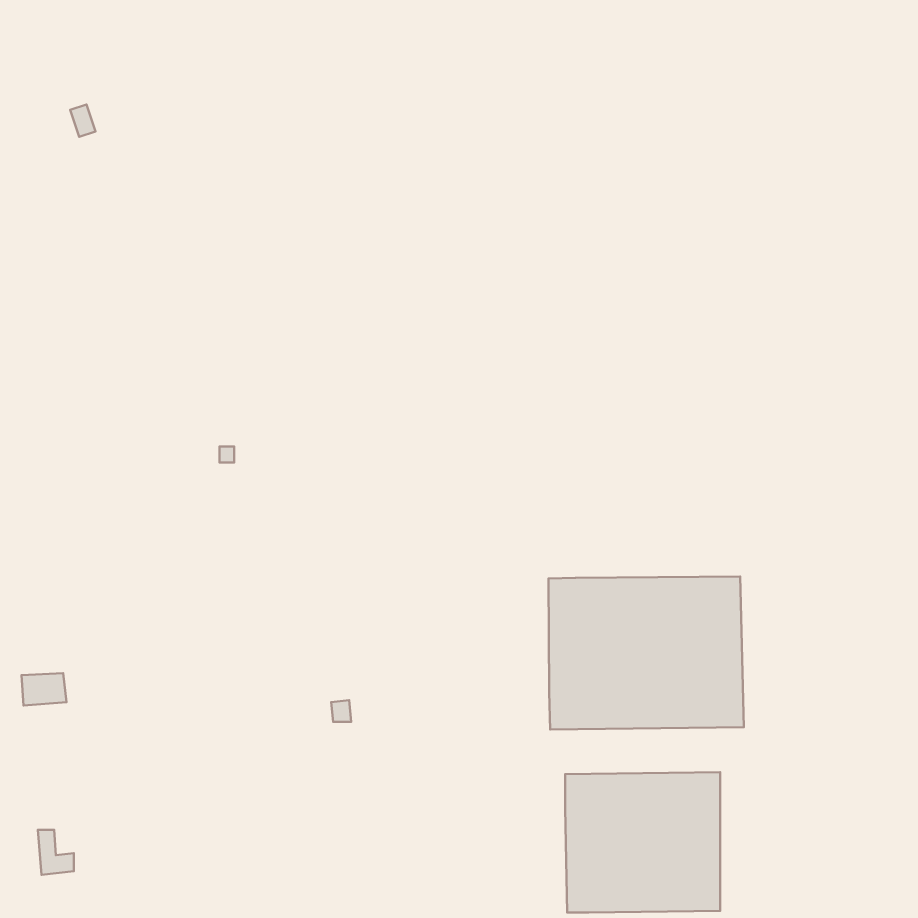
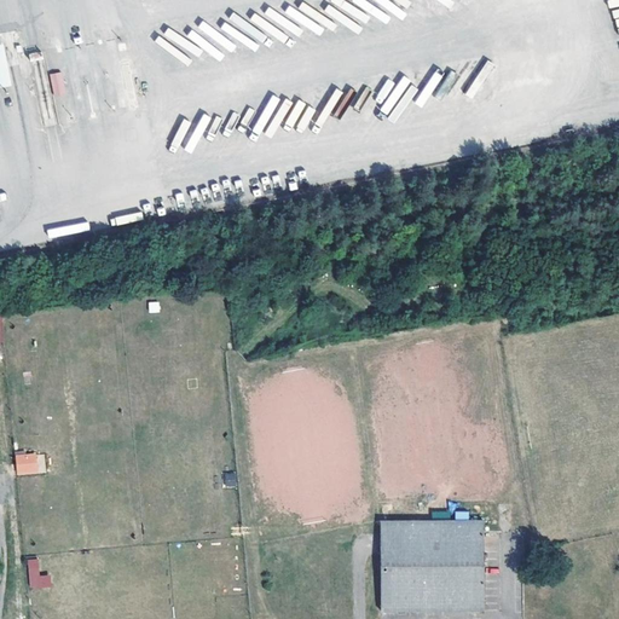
building: [549,576,744,729] -> none

